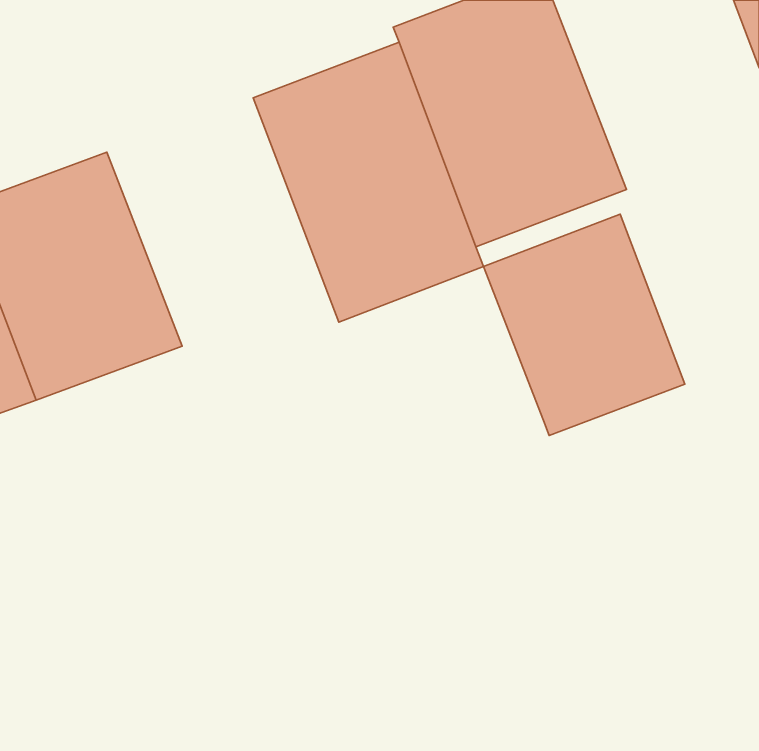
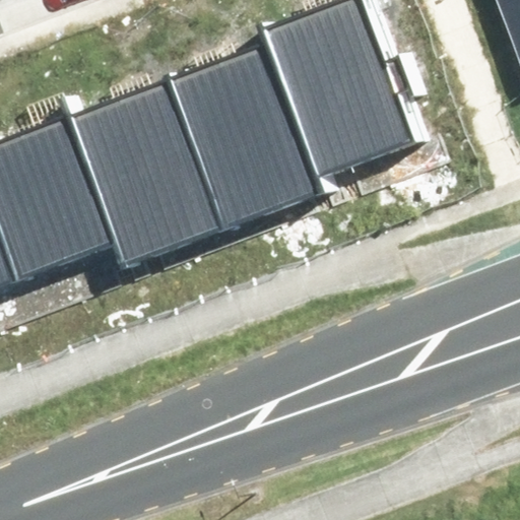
building: none -> [72,78,229,266]
building: [483,214,685,435] -> none

